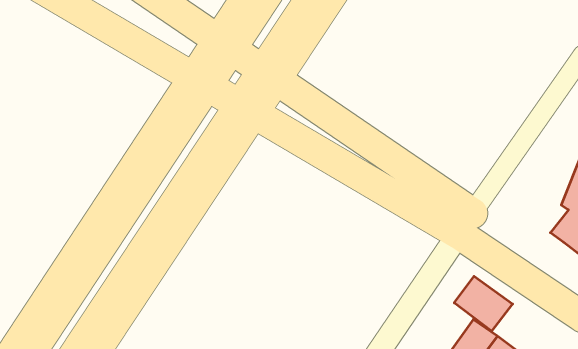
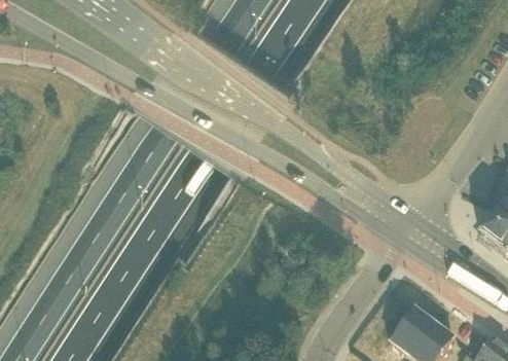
building: [454,276,513,331] -> none

